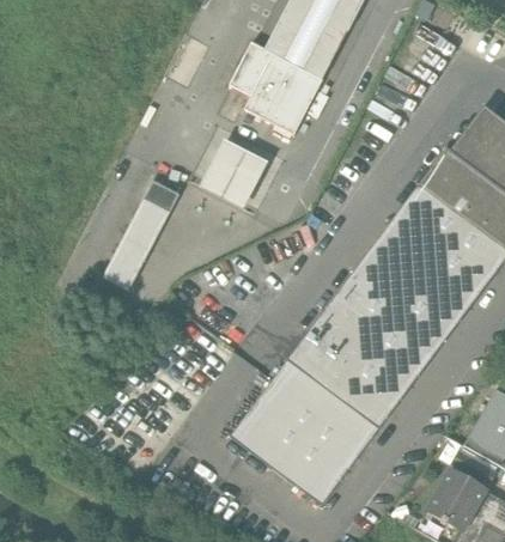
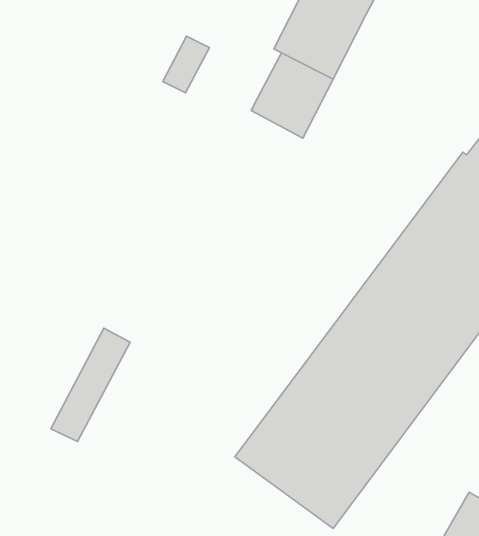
building: [229,42,273,96] -> [163,36,209,93]
building: [201,138,267,207] -> none
building: [103,182,178,290] -> [51,328,130,442]

